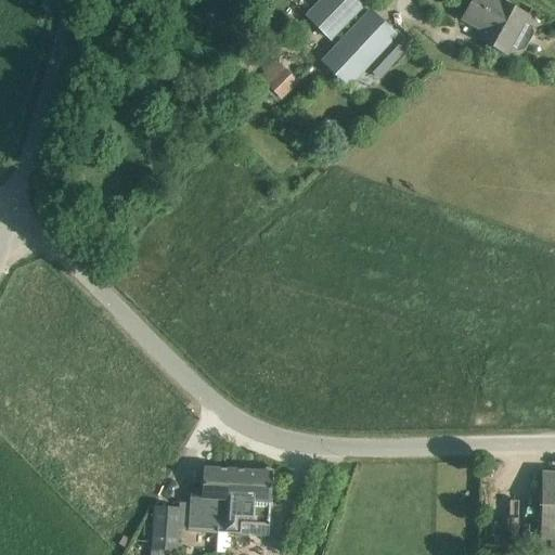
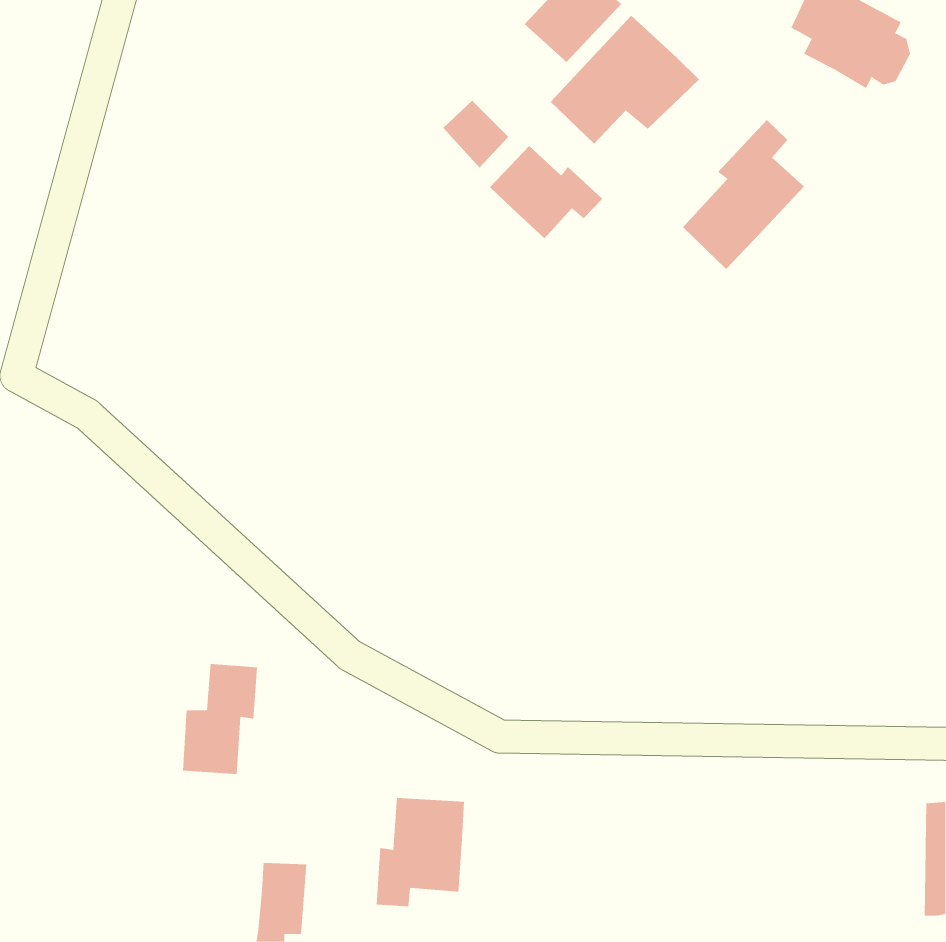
building: none -> [682,119,805,270]
building: none -> [489,145,603,239]
building: [188,465,232,530] -> [182,664,258,775]

